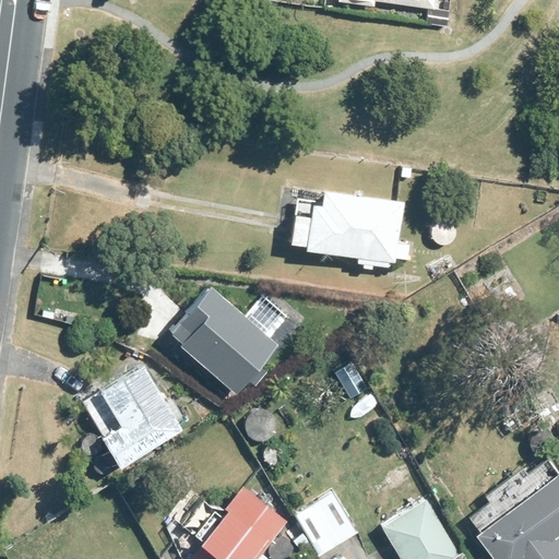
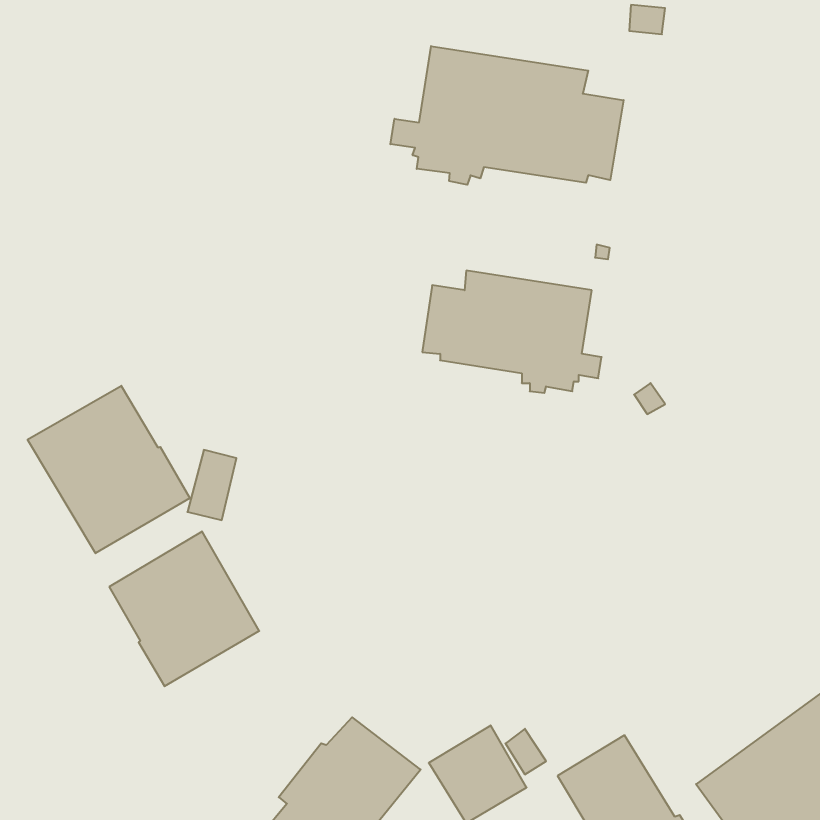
building: none -> [390,46,624,185]
building: none -> [28,386,190,553]
building: [170,285,281,395] -> none

